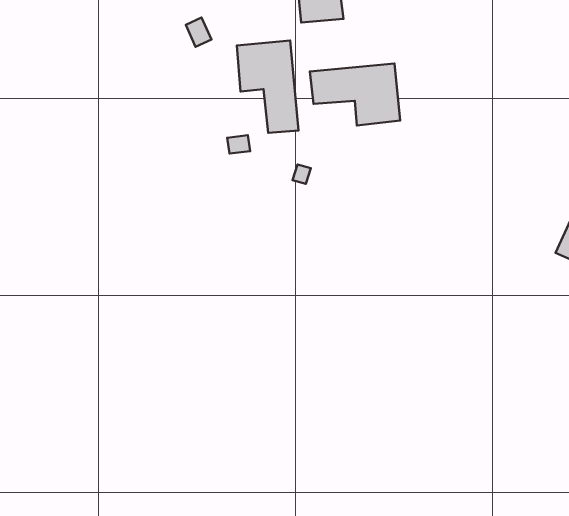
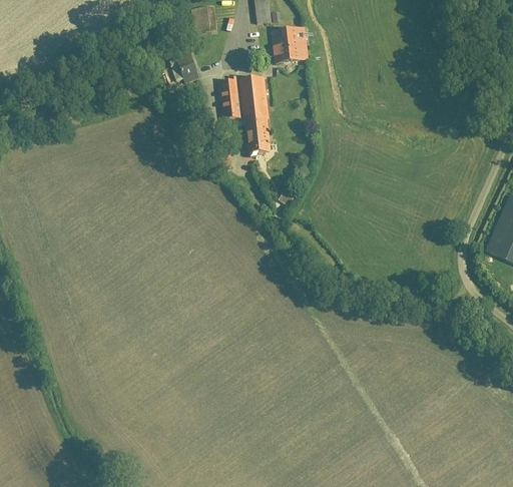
building: [310,63,400,126] -> none

